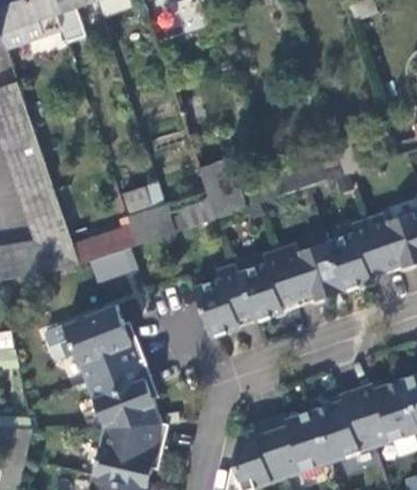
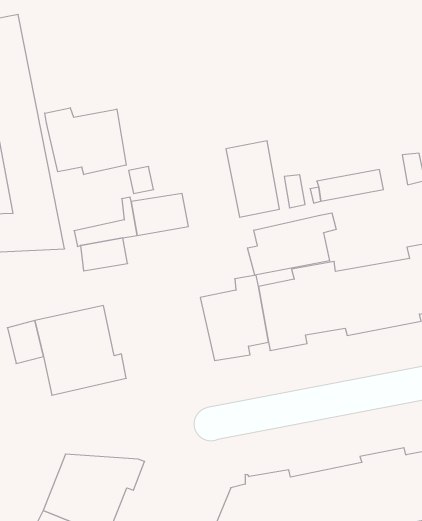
building: none -> [45,108,126,175]
building: none -> [247,213,336,275]
building: [87,359,163,426] -> none

